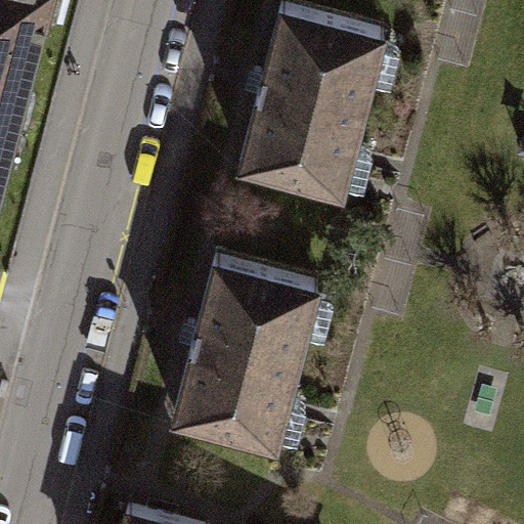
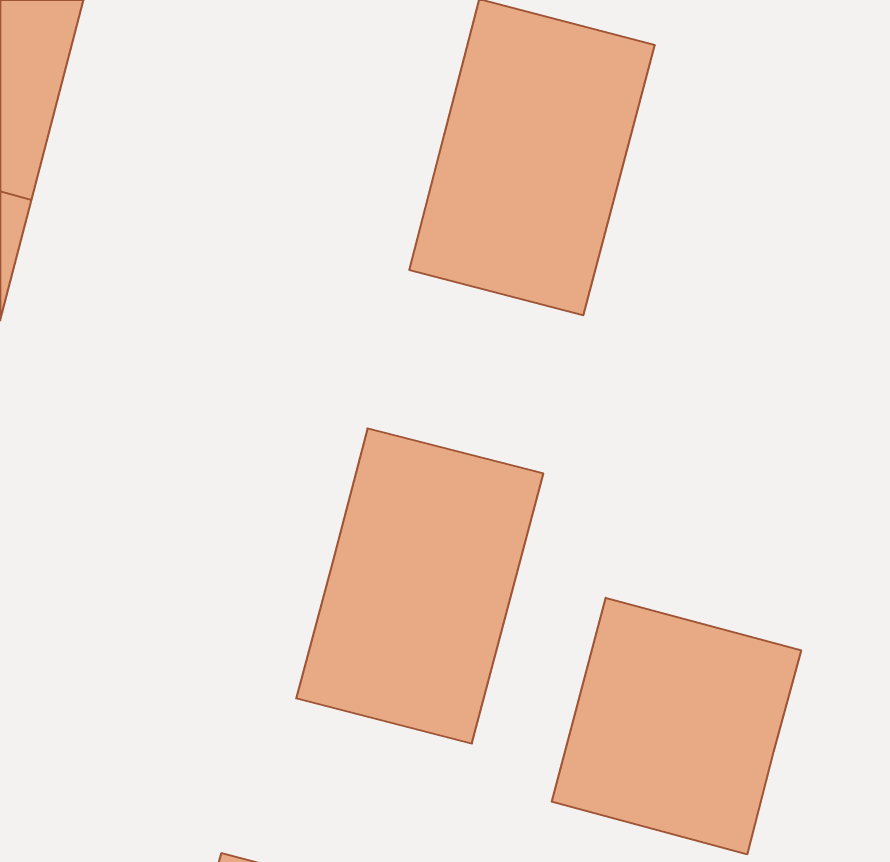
building: none -> [552,598,801,854]

